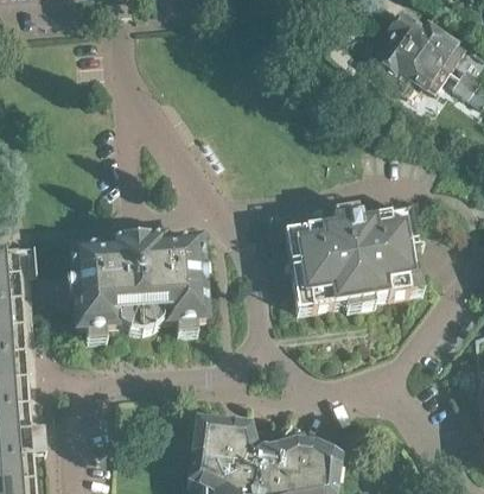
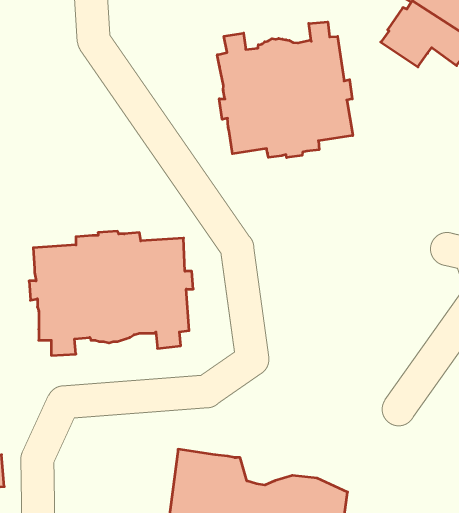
building: none -> [217,22,353,158]
building: [285,204,425,310] -> none

